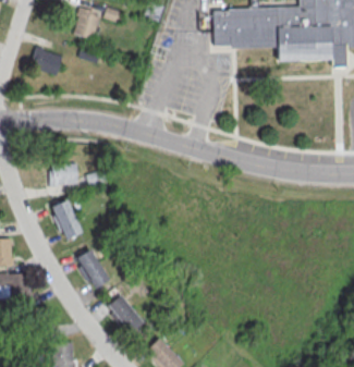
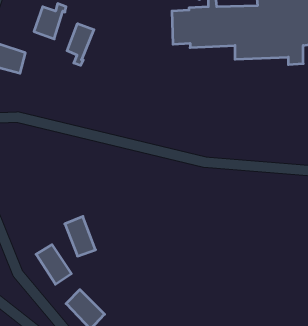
building: none -> [67,24,94,65]
building: [48,163,78,186] -> none
building: [50,199,82,240] -> [65,216,96,256]

